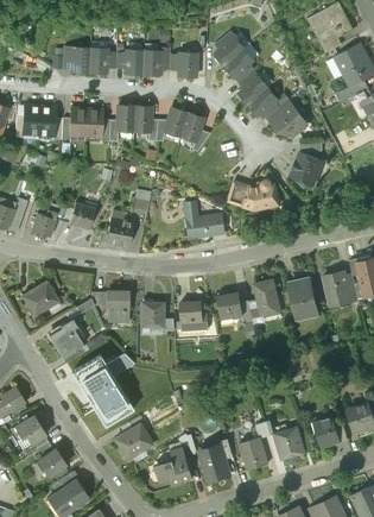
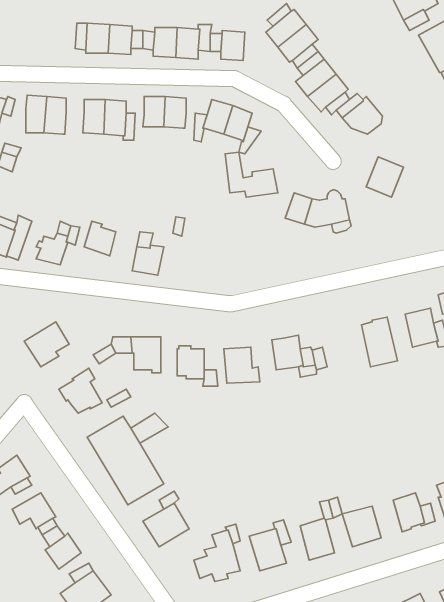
building: [183,201,224,237] -> [225,152,278,197]
building: [254,280,279,316] -> none

